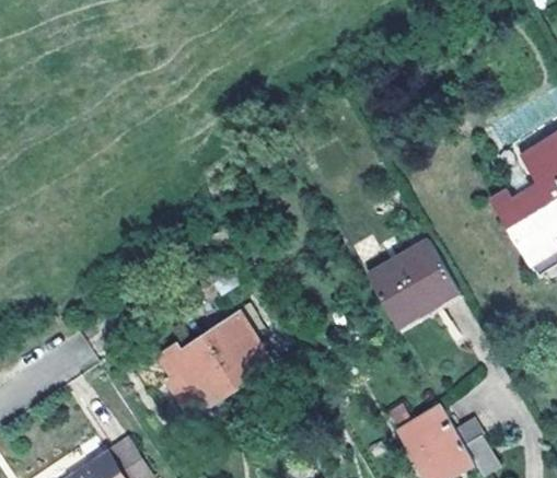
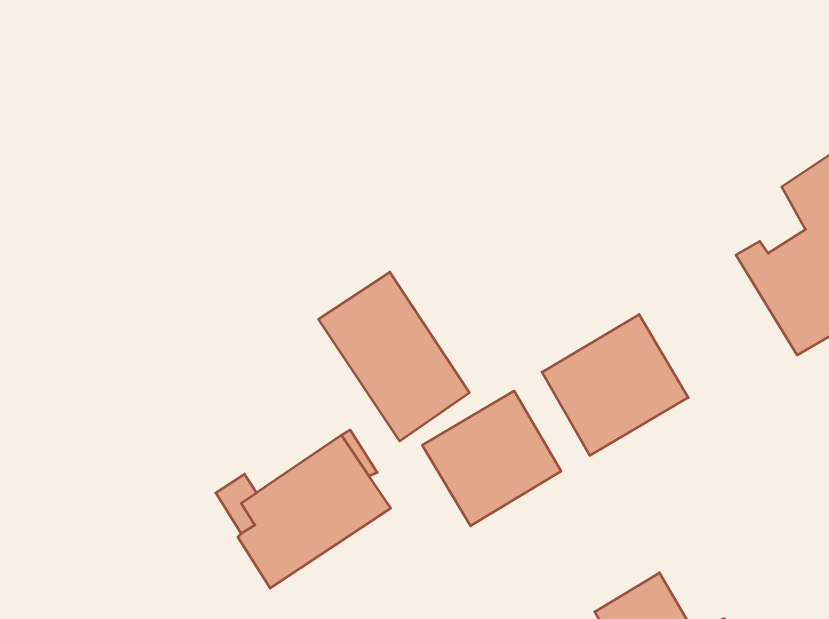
building: none -> [319,272,469,441]
building: none -> [422,391,561,526]

